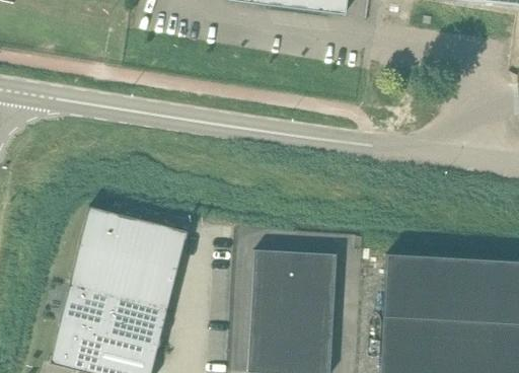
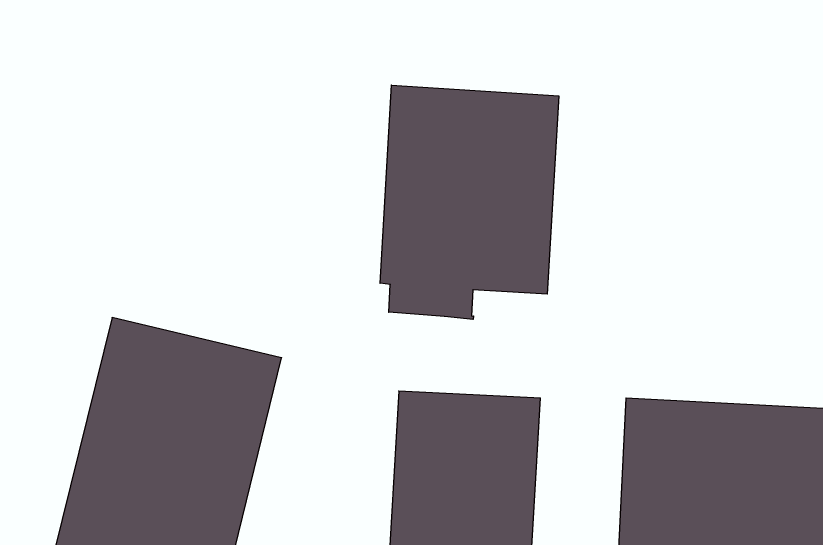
building: none -> [380,85,559,319]

